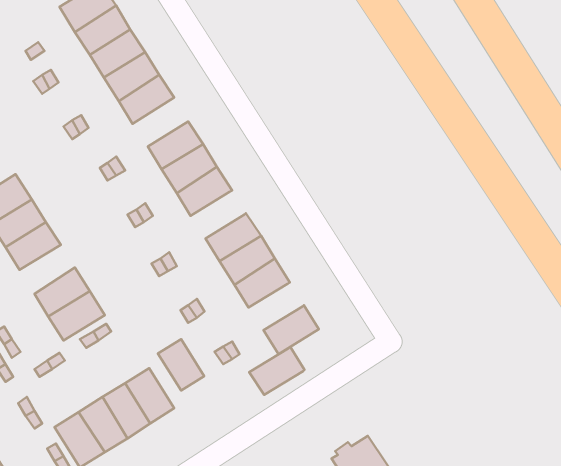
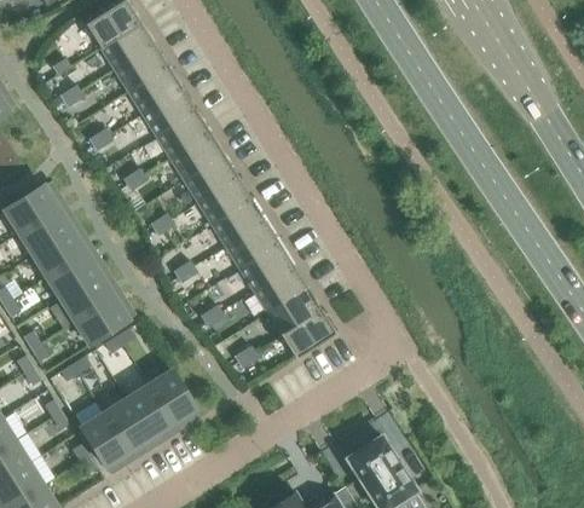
building: none -> [156,111,209,158]
building: none -> [212,201,265,247]
building: none -> [47,253,100,300]
building: [158,339,204,390] -> none
building: [249,347,304,395] -> [267,289,320,335]

